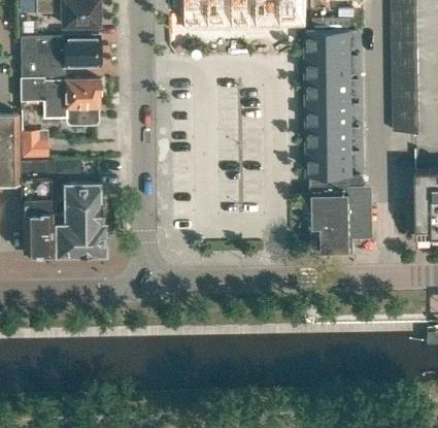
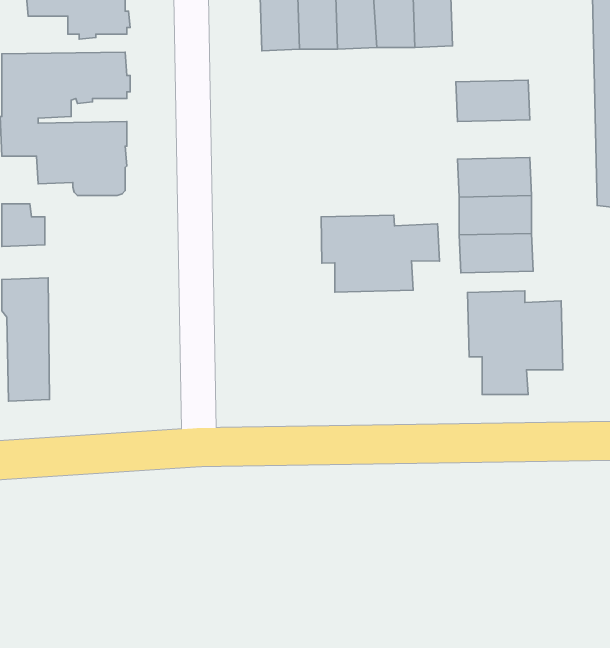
building: [305,30,350,55] -> none
building: [306,78,351,103] -> none
building: none -> [321,215,440,292]
building: [54,183,104,255] -> none

